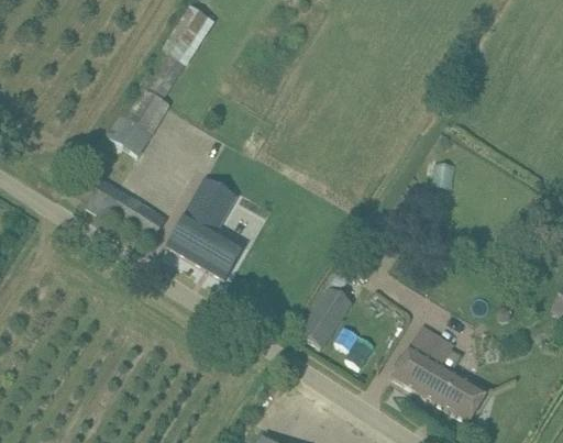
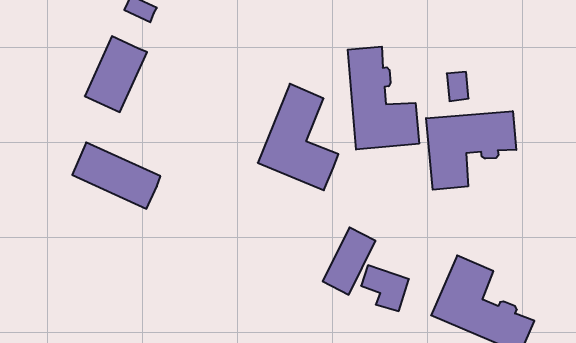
building: none -> [348,47,419,150]
building: [168,178,242,278] -> [258,84,338,190]
building: none -> [426,111,516,190]

